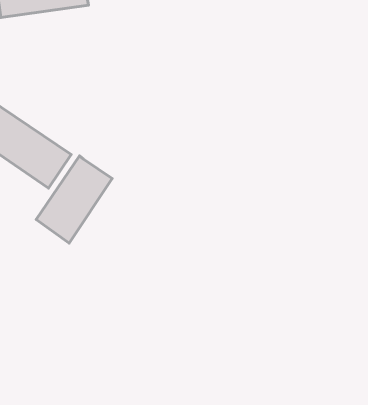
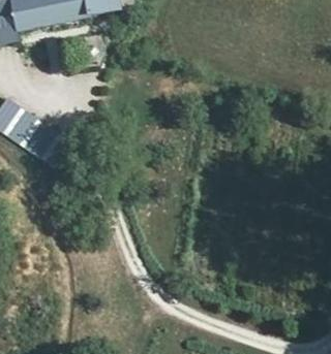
building: [36,156,112,243] -> none

